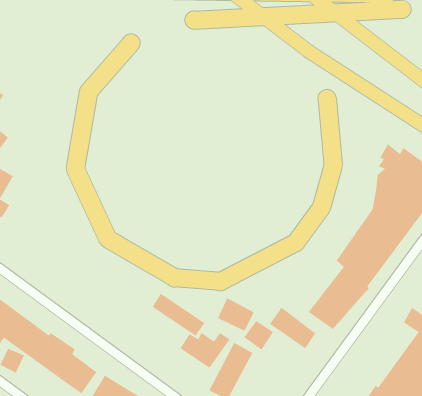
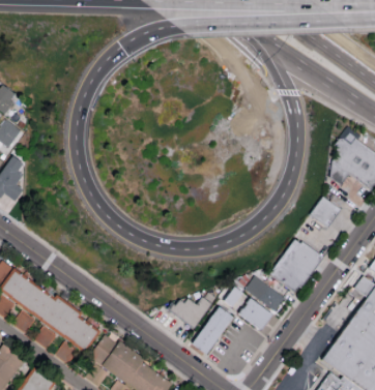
building: [152,293,205,337] -> none
building: [217,298,255,332] -> [236,298,268,327]

